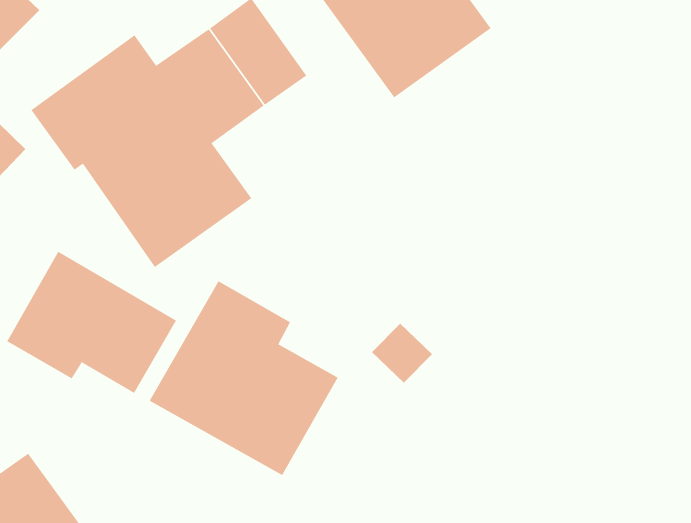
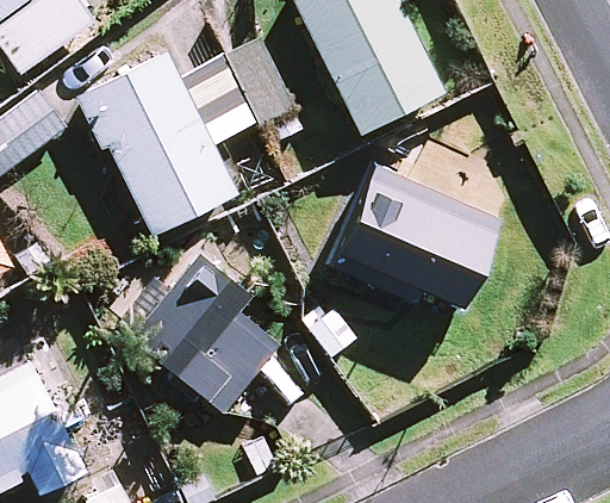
building: none -> [331,166,503,308]
building: [7,251,177,394] -> none

